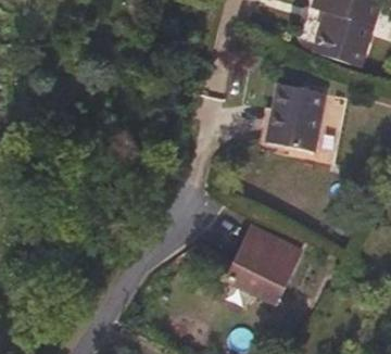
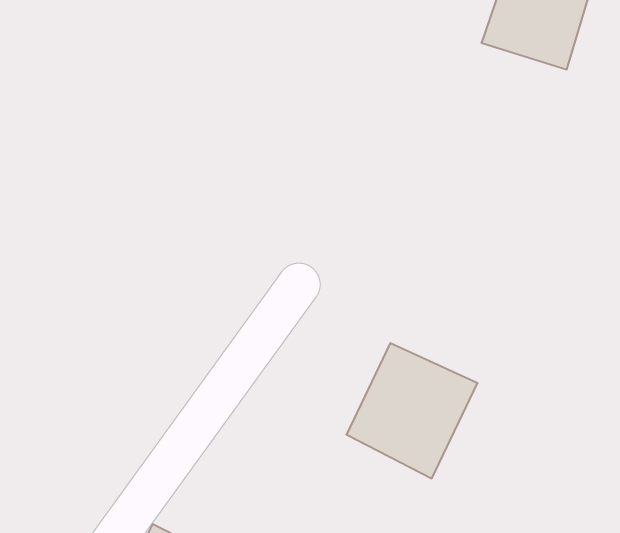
building: [268,81,328,150] -> none

